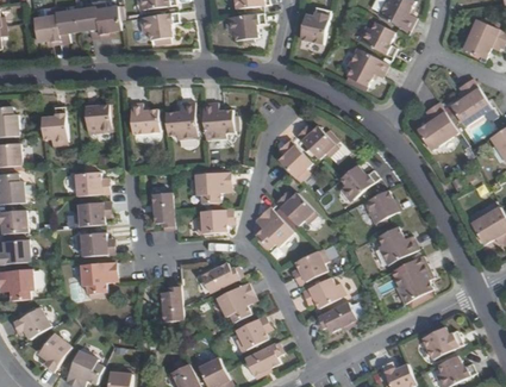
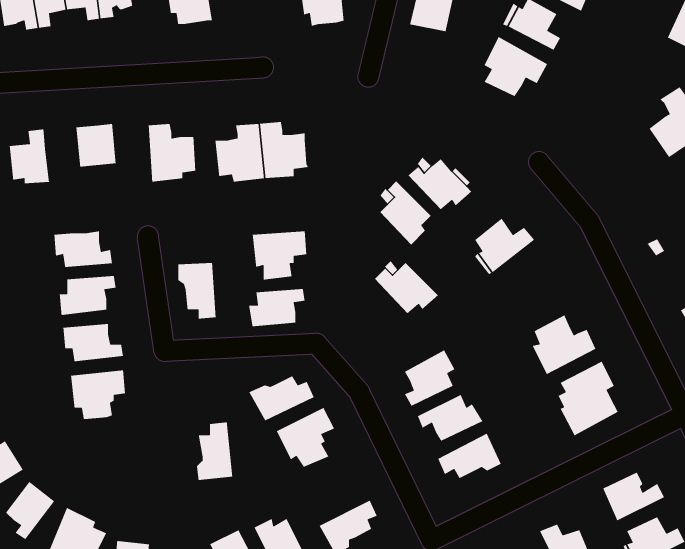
building: [418,102,457,149] -> none
building: [362,189,398,223] -> none
building: [255,206,293,249] -> none
building: [231,318,263,354] -> none

